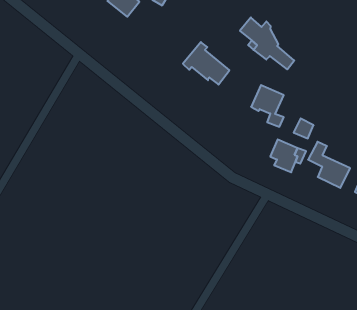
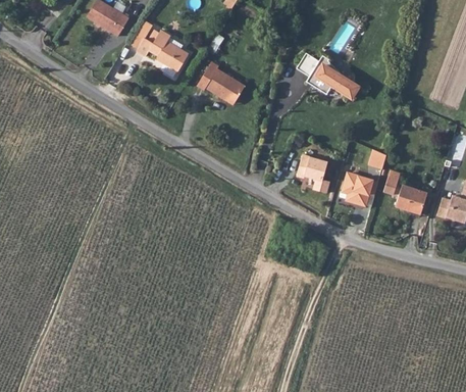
building: [183,42,229,85] -> [198,59,246,100]
building: [251,85,284,127] -> [292,153,326,193]

